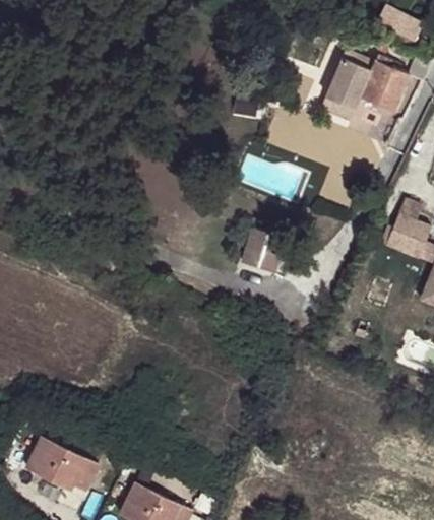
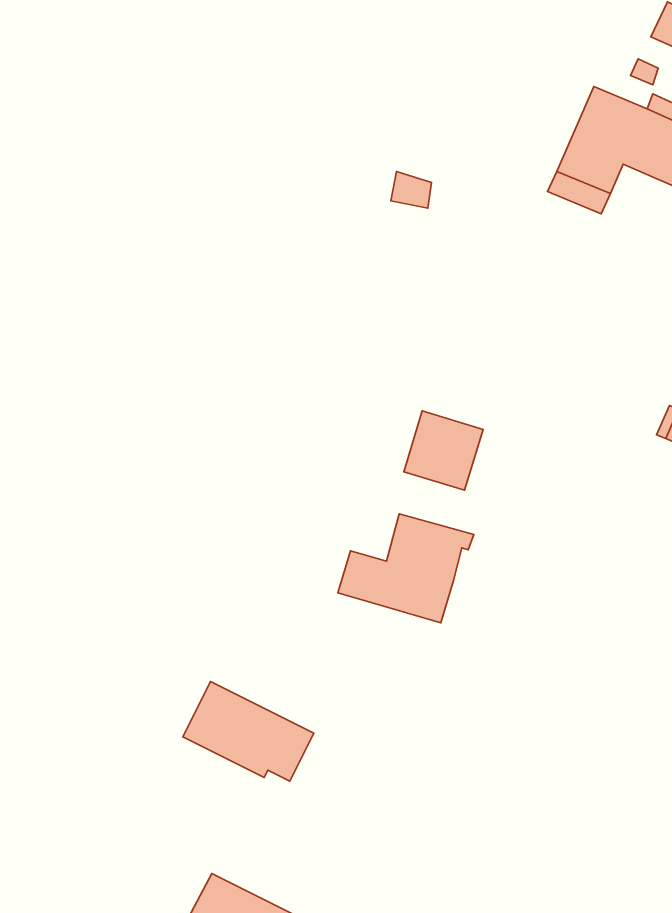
building: none -> [338,514,474,623]
building: [25,437,98,492] -> [183,682,314,781]

